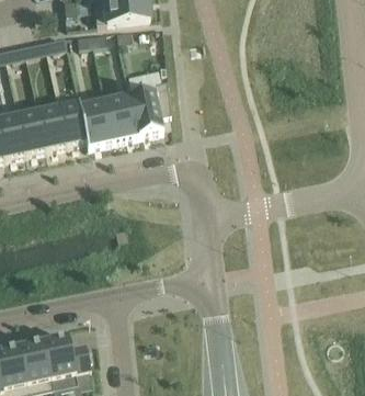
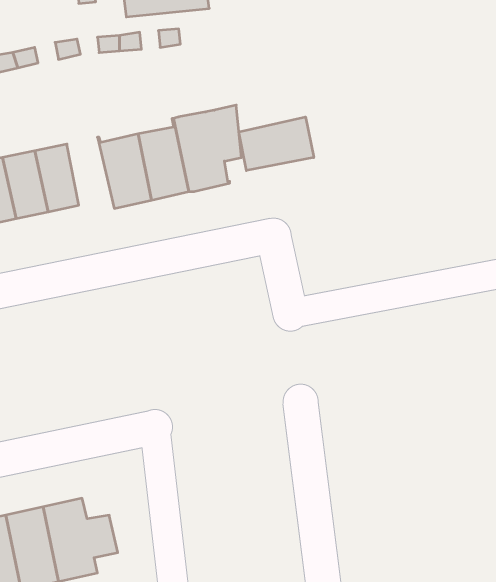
building: none -> [239,117,314,171]
building: [58,100,89,146] -> none

